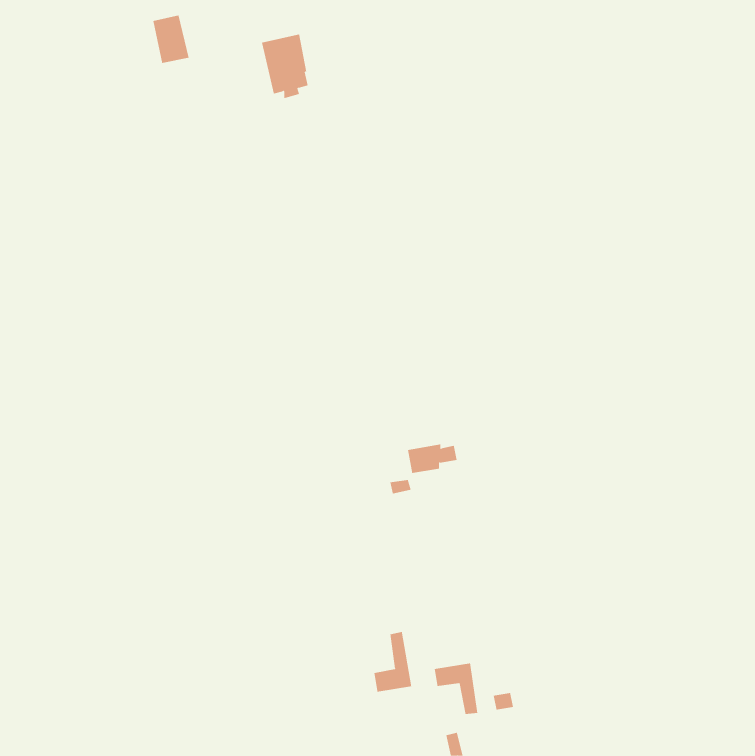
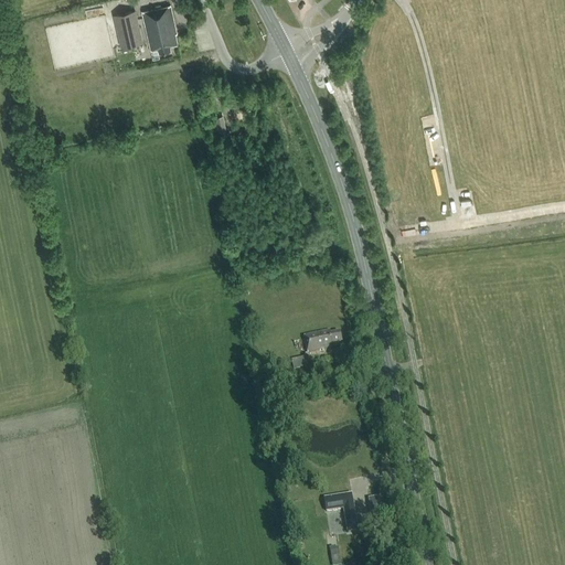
building: [261,34,309,99] -> [141,6,177,54]
building: [374,631,412,692] -> none

